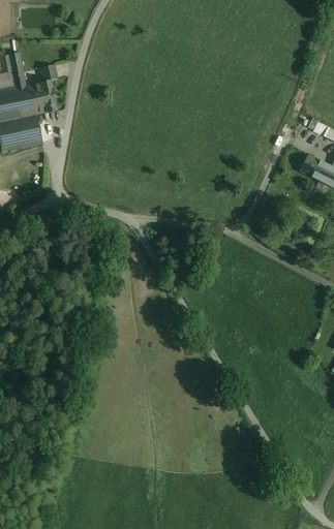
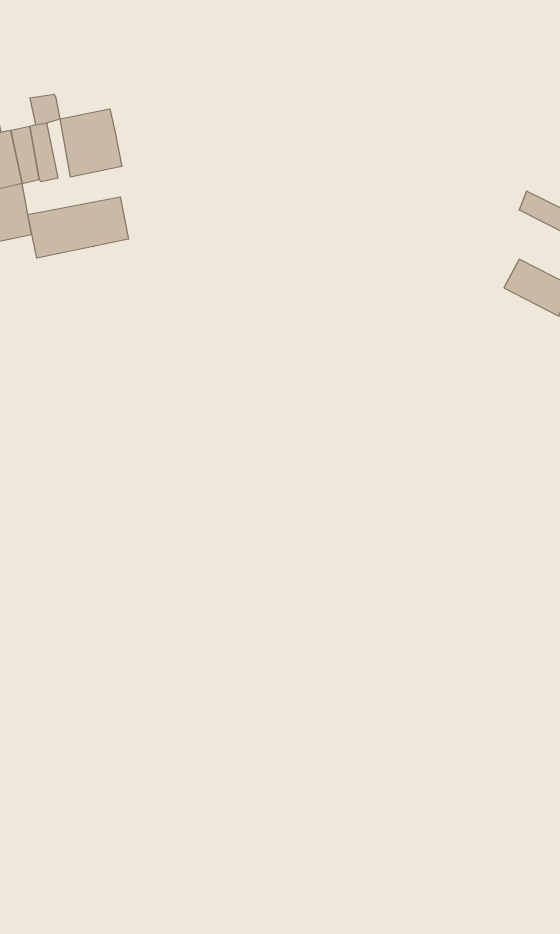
building: none -> [60,109,122,177]
building: none -> [28,197,128,258]

